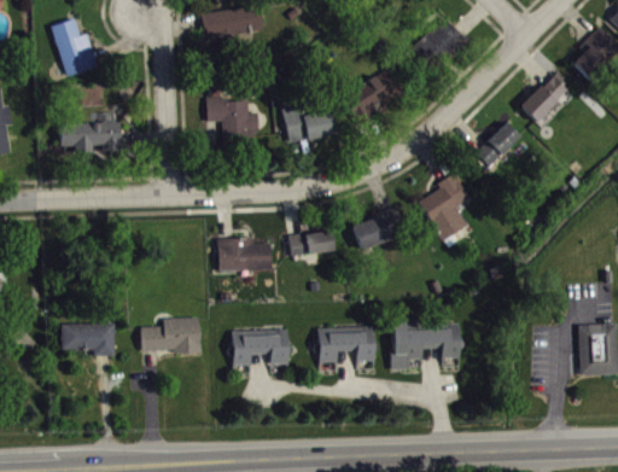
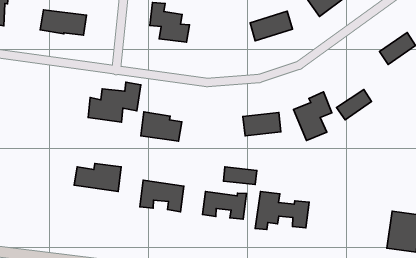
building: [282,104,336,144] -> none
building: [474,122,520,167] -> [336,90,372,120]
building: none -> [88,82,141,122]
building: [288,233,333,255] -> [223,167,257,185]
building: [60,324,113,356] -> none

